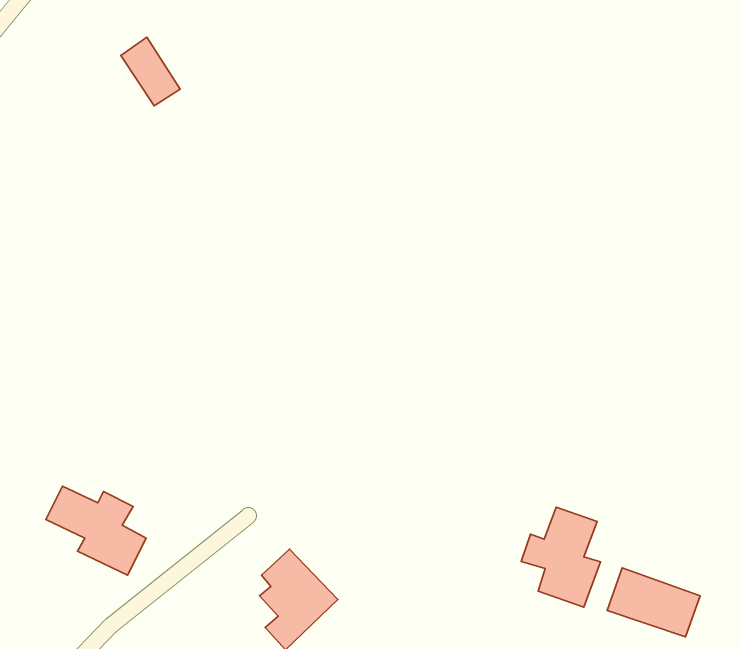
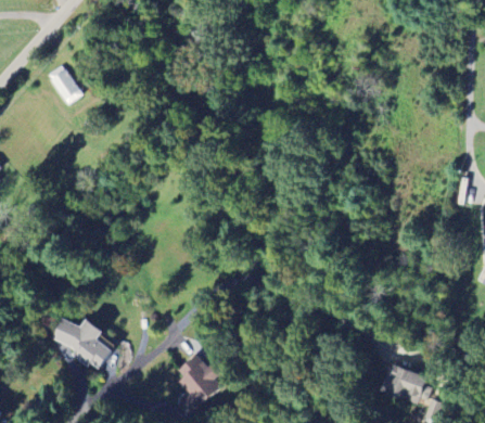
building: [121,37,180,106] -> [49,63,84,103]
building: [521,507,601,607] -> none

